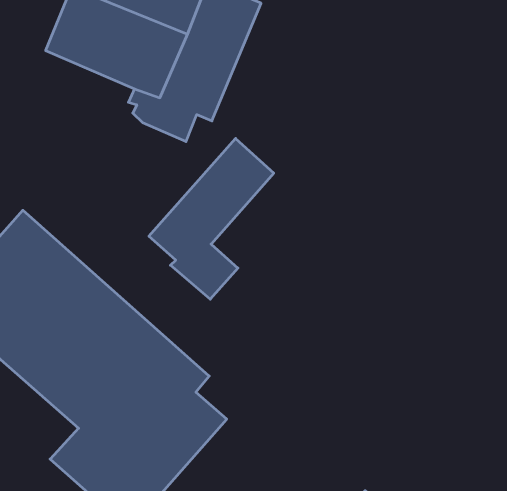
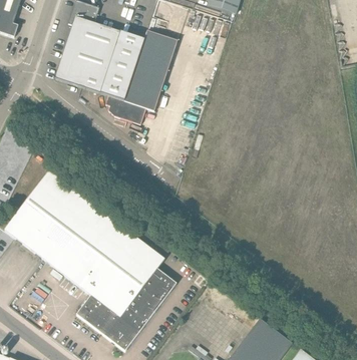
building: [149,138,274,299] -> none

